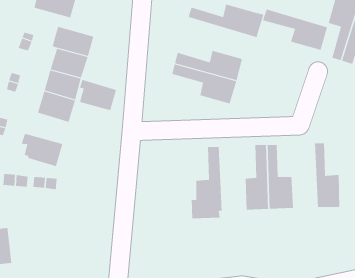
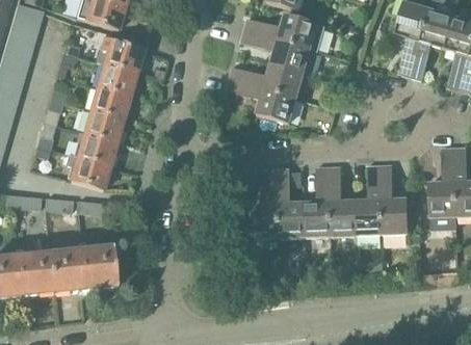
building: [262,9,328,50] -> [240,28,311,73]
building: [79,79,117,111] -> [76,130,116,164]
building: none -> [357,163,384,234]
building: none -> [279,166,307,237]
building: none -> [51,245,117,293]

